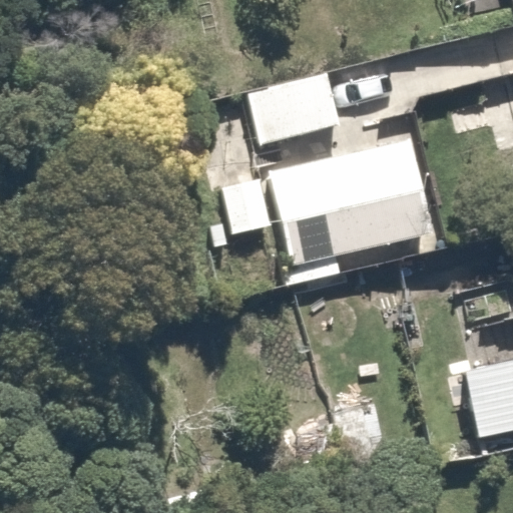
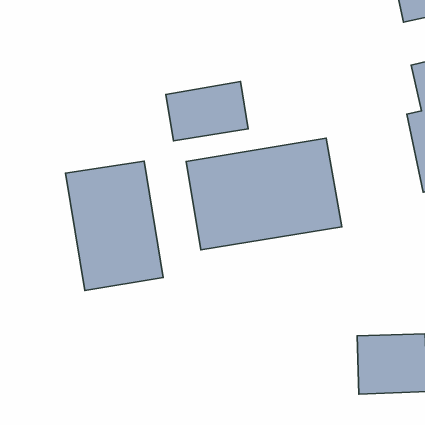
building: none -> [65,161,163,290]

